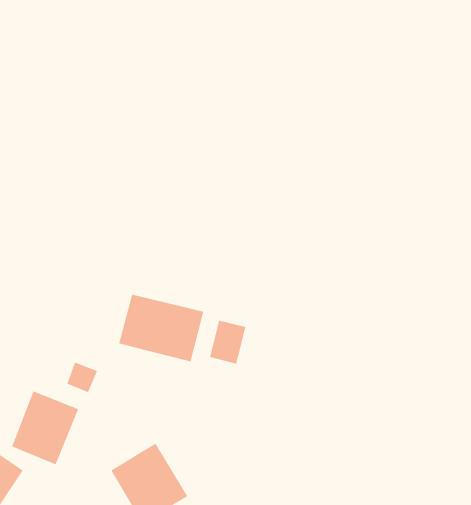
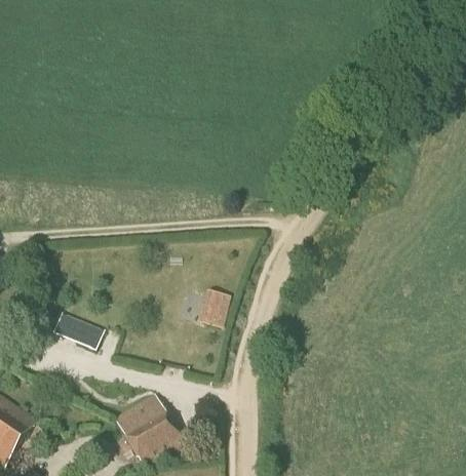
building: [119,294,204,362] -> none
building: [11,391,79,465] -> none

